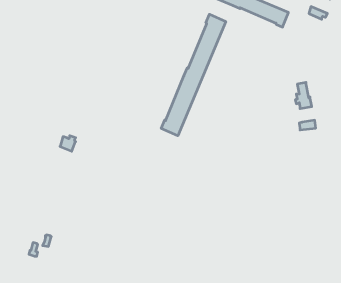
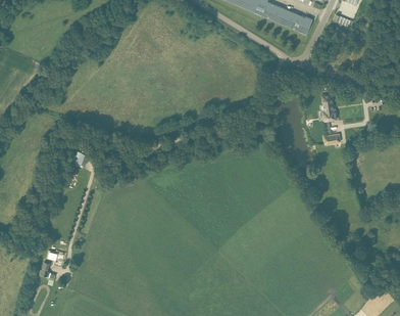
building: [161,14,226,136] -> none

